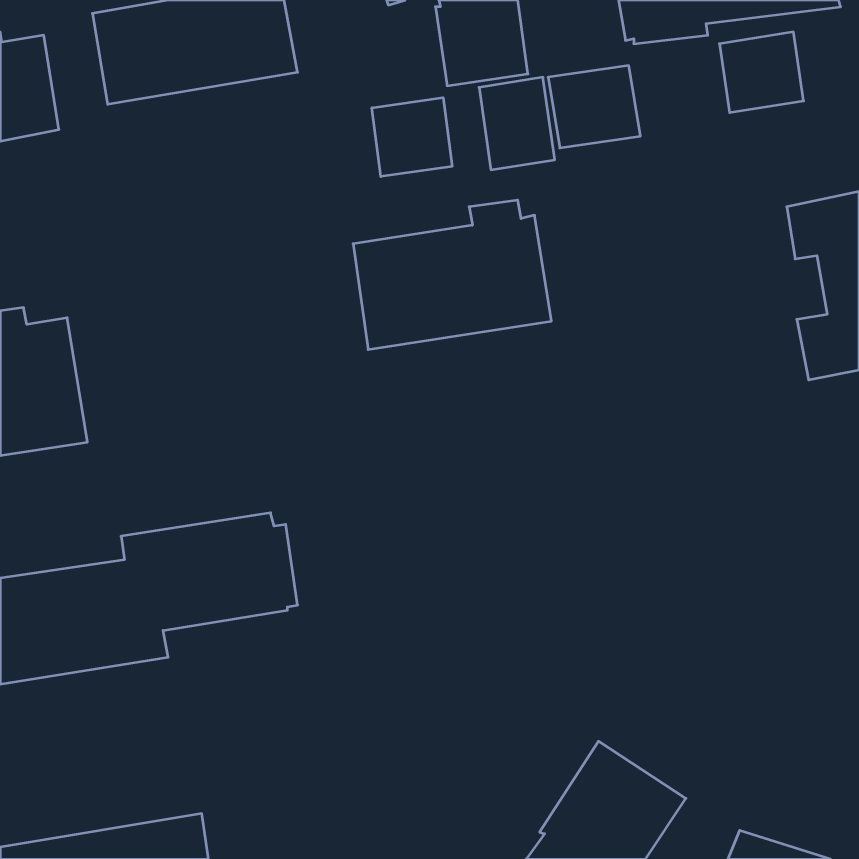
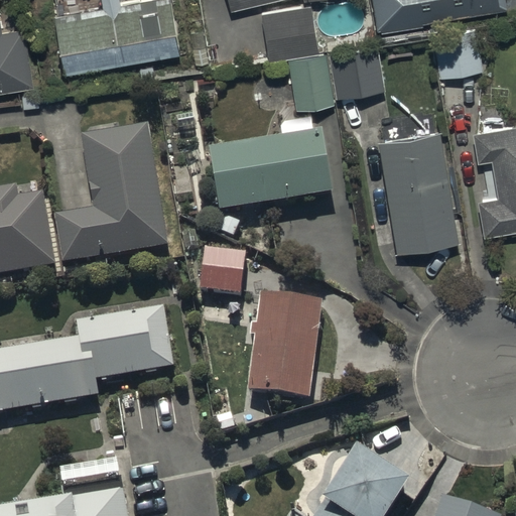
building: [372,98,452,177] -> none
building: none -> [377,123,457,242]
building: none -> [54,126,167,261]
building: none -> [198,246,245,295]
building: none -> [247,292,320,398]

